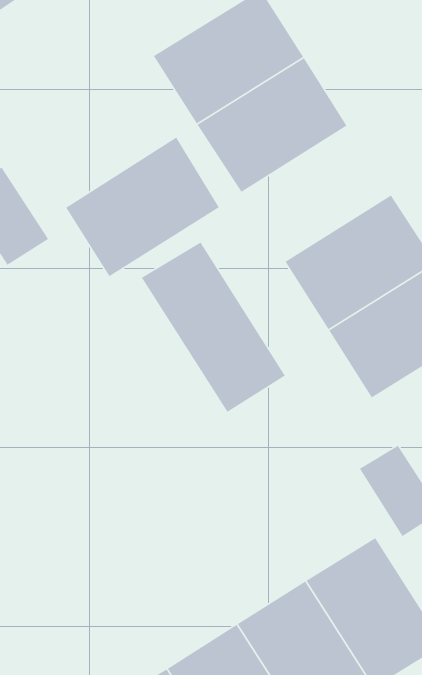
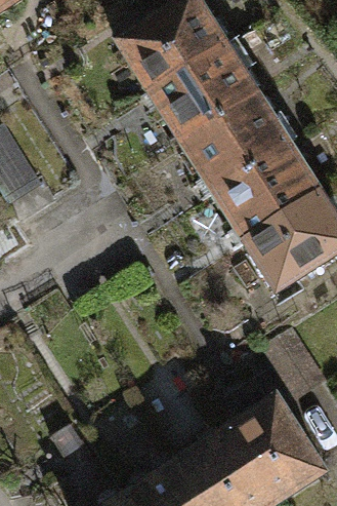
building: none -> [180,93,290,193]
building: [65,136,220,277] -> none
building: [141,242,286,413] -> none

